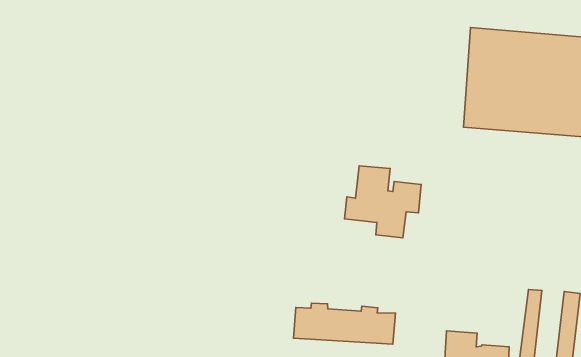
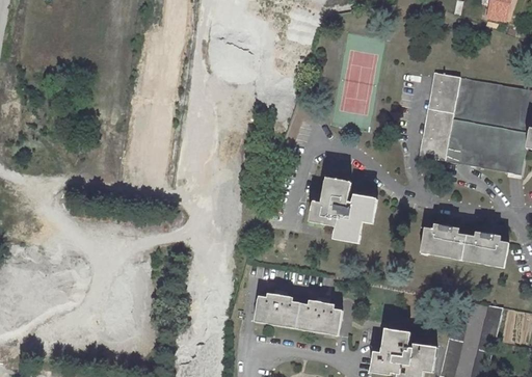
building: none -> [419,225,505,268]

